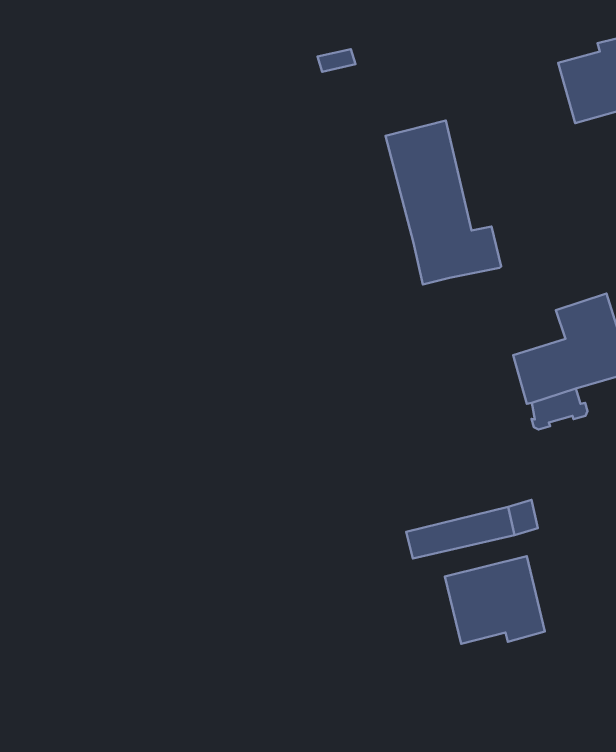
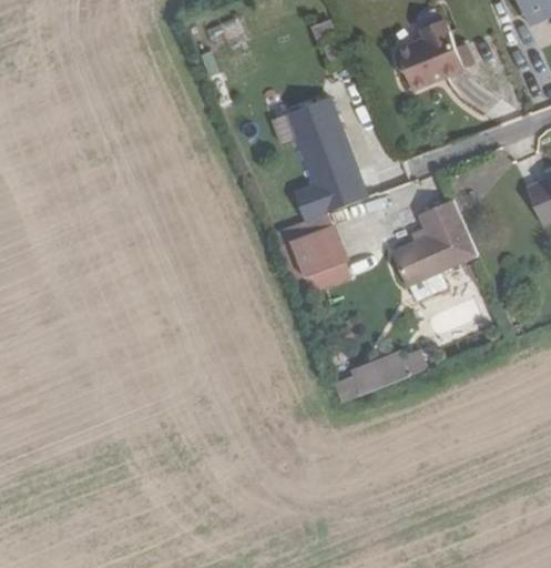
building: none -> [273,211,343,274]
building: [445,556,545,644] -> none

